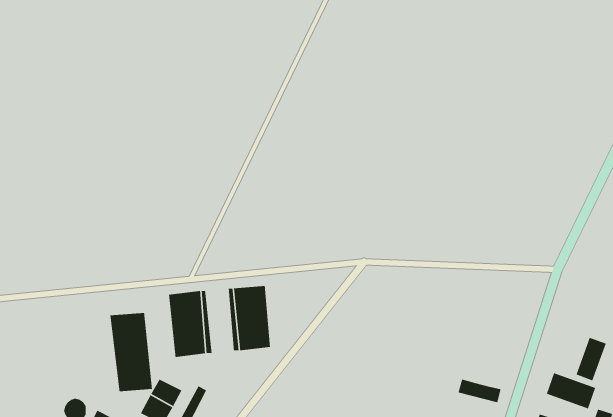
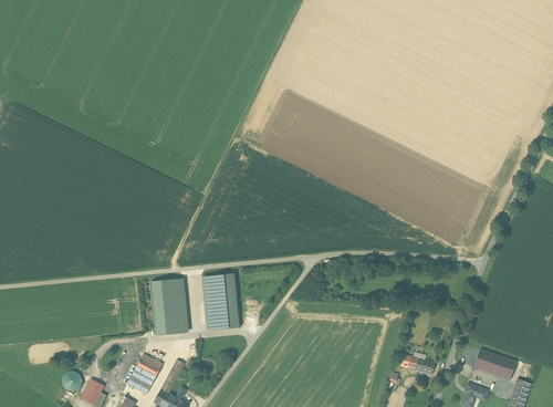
building: [109,312,153,392] -> none
building: [575,337,607,381] -> none

